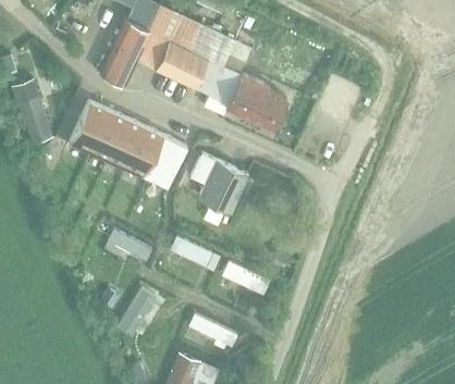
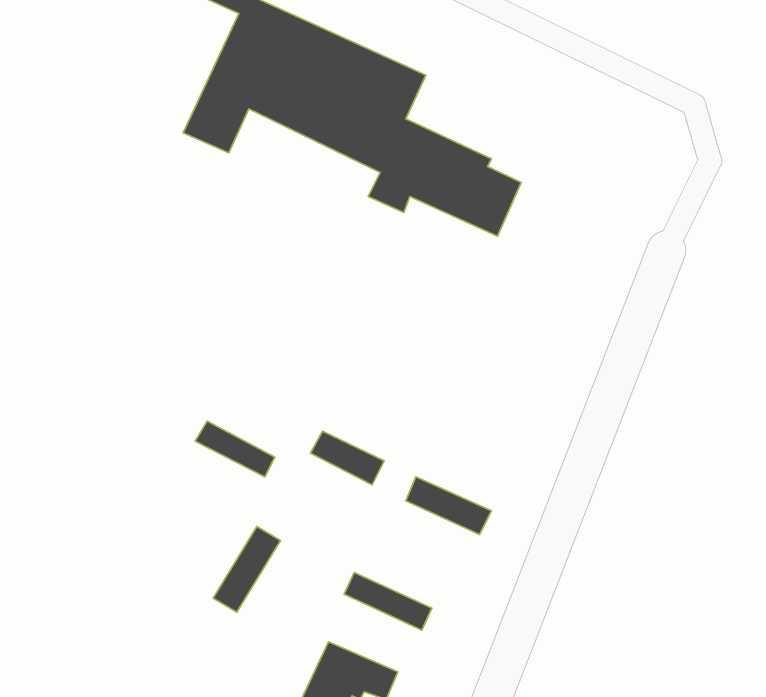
building: [11,79,52,144] -> none
building: [70,99,188,189] -> none
building: [190,153,253,212] -> none

